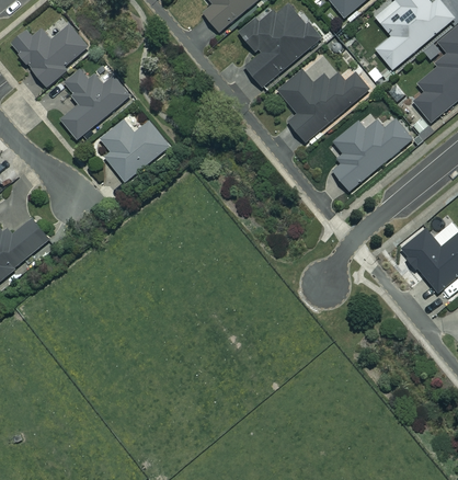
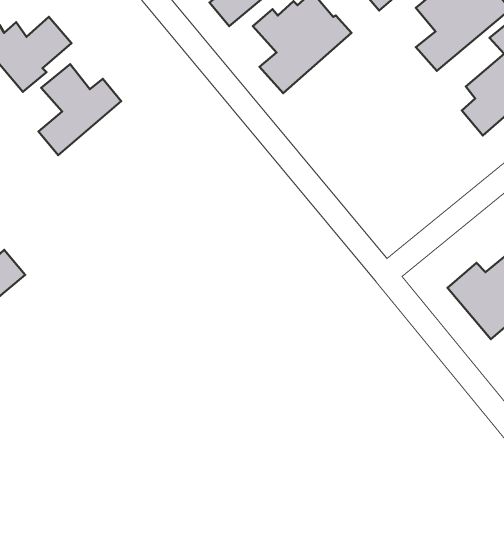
building: [278,70,369,141] -> none
building: [101,119,169,181] -> none
building: [333,119,412,191] -> none

